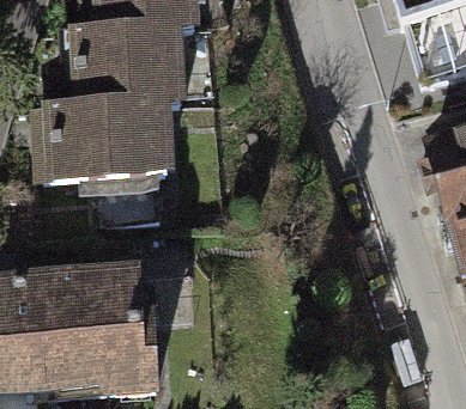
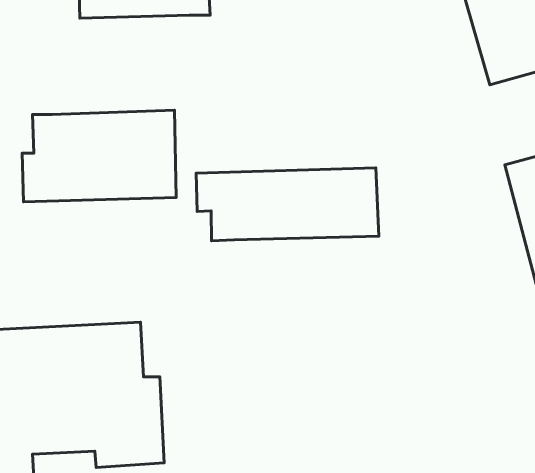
building: [65,28,178,108] -> none
building: none -> [196,168,379,241]

